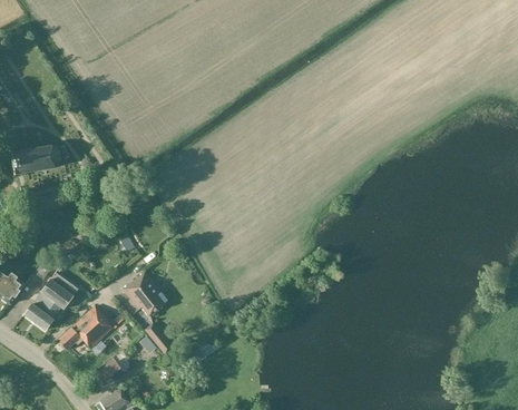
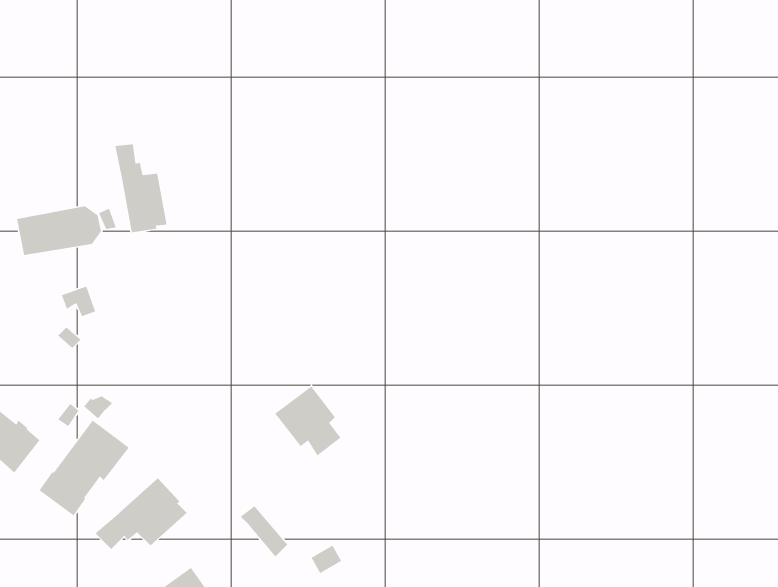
building: none -> [114,143,167,233]
building: [123,273,163,315] -> [274,386,341,456]

